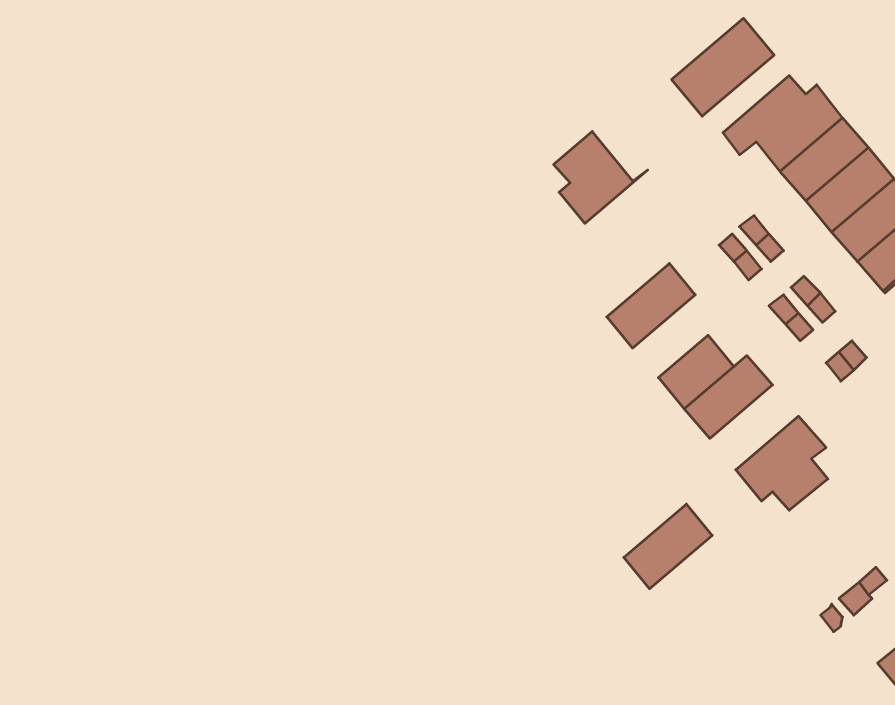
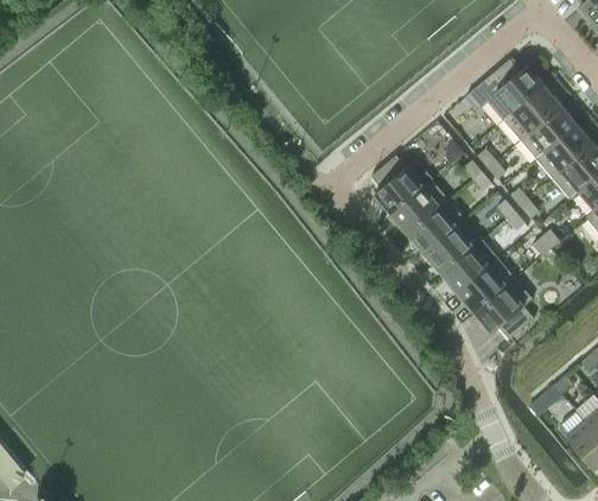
building: [672,18,774,116] -> none
building: [554,131,648,223] -> [371,156,432,215]
building: none -> [408,201,465,254]
building: [624,504,712,589] -> [458,259,515,313]

